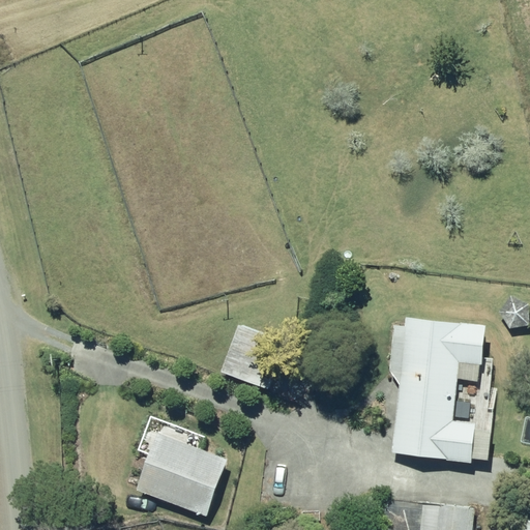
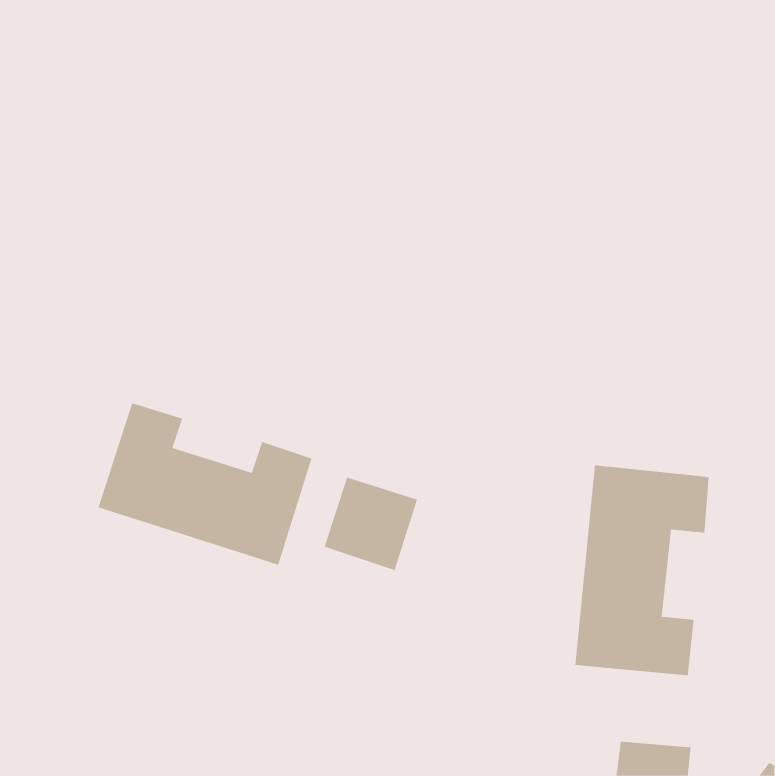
building: none -> [98,402,312,566]
building: [137,434,226,514] -> none

